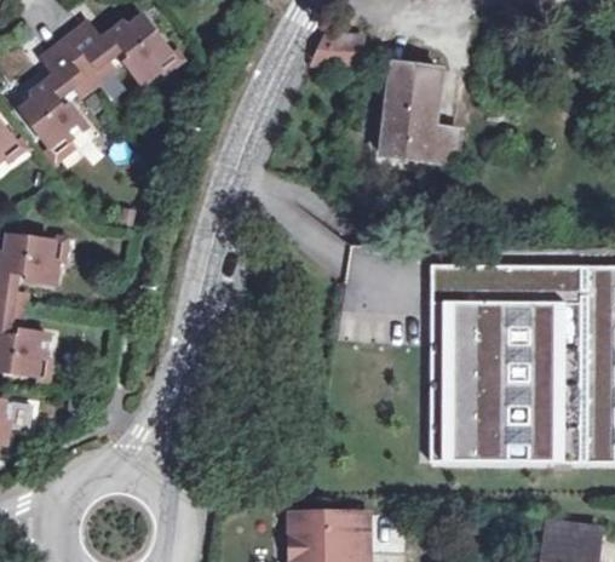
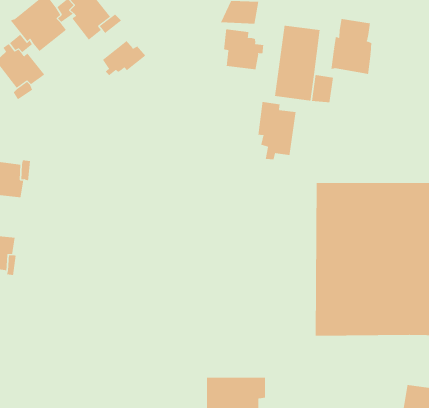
building: none -> [331,18,372,75]
building: none -> [223,29,264,70]
building: none -> [102,40,146,76]
building: none -> [258,101,296,160]

